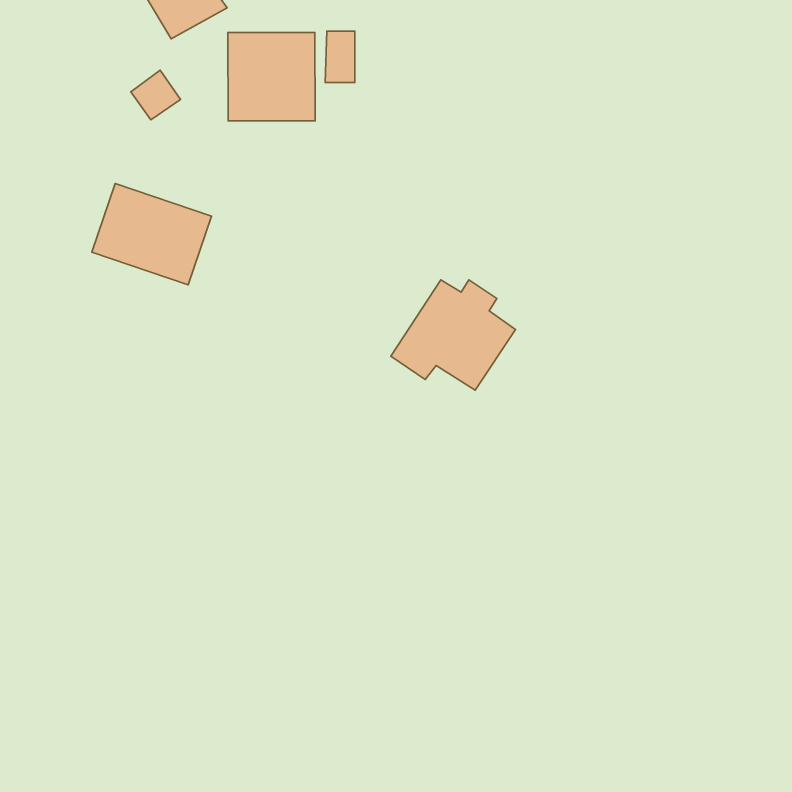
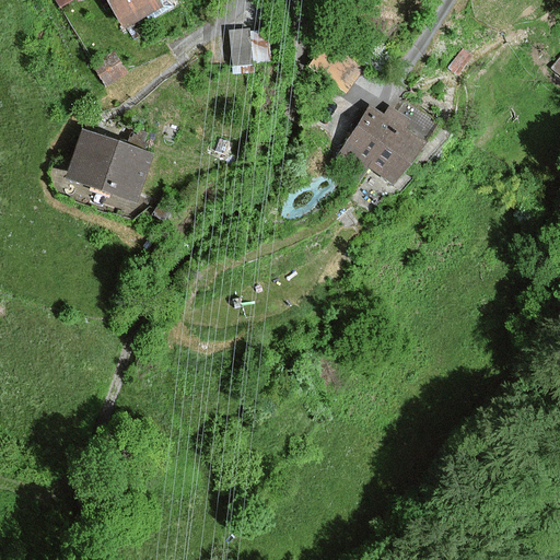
building: [228,32,315,121] -> none
building: [391,280,515,390] -> [336,105,423,183]

